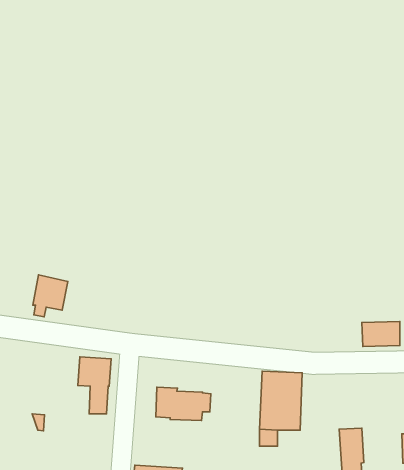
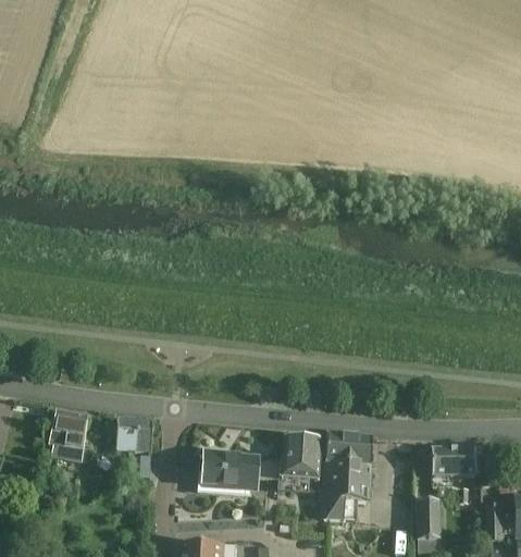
building: [33,275,68,317] -> [50,409,90,457]
building: [362,322,400,346] -> [432,448,475,476]
building: none -> [266,437,322,483]

